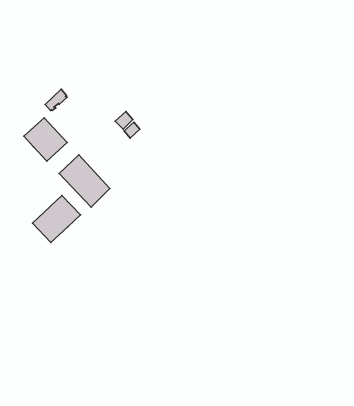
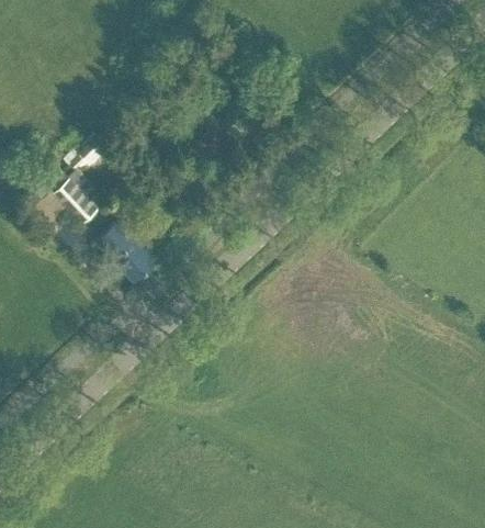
building: [32,195,80,243] -> none

